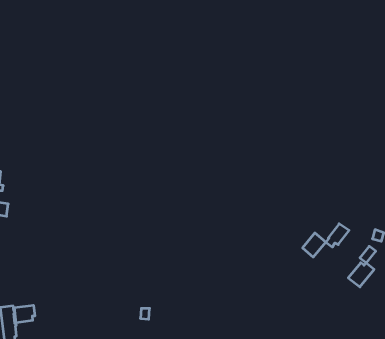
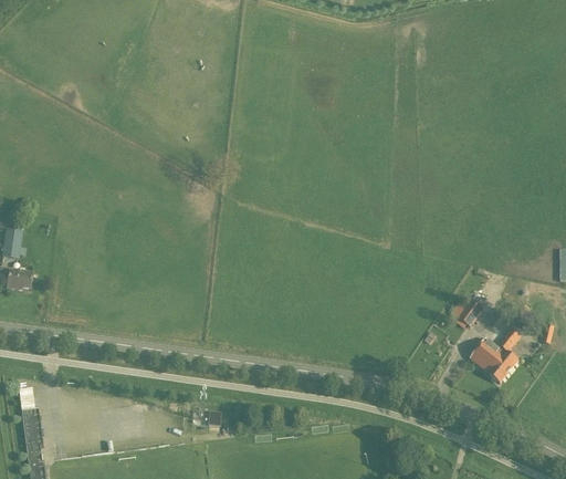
building: [303,233,326,257] -> [469,340,500,372]
building: [14,305,35,323] -> none

